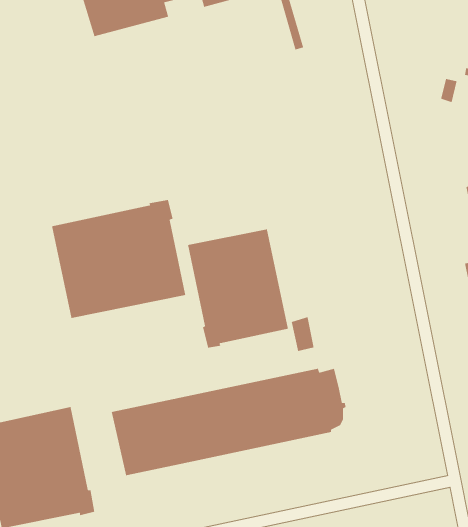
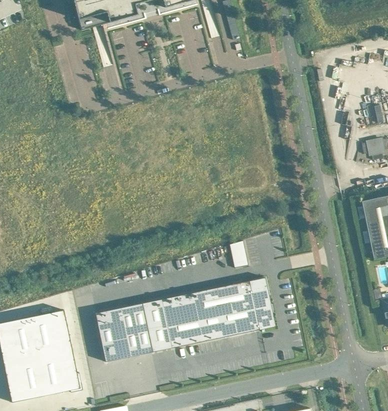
building: [51,199,186,319] -> none
building: [187,229,289,348] -> none

